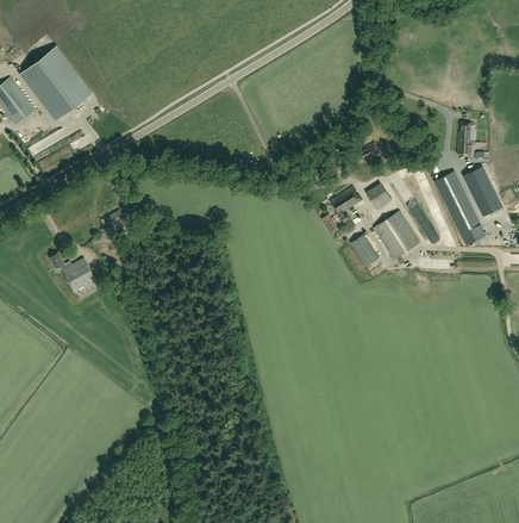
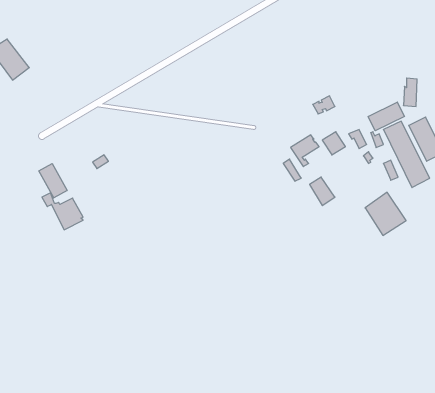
building: [19,46,90,120] -> none
building: none -> [368,102,404,131]
building: [374,210,420,259] -> [365,192,406,235]
building: none -> [39,164,67,198]

